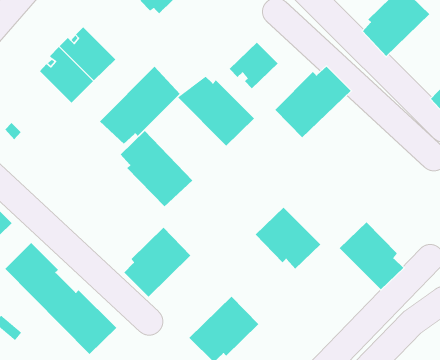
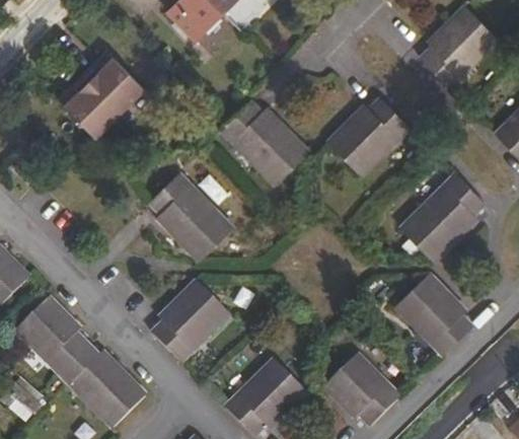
building: [229,42,278,89] -> none
building: [99,66,180,145] -> none
building: none -> [403,174,486,260]
building: [255,207,321,269] -> [323,353,398,424]

